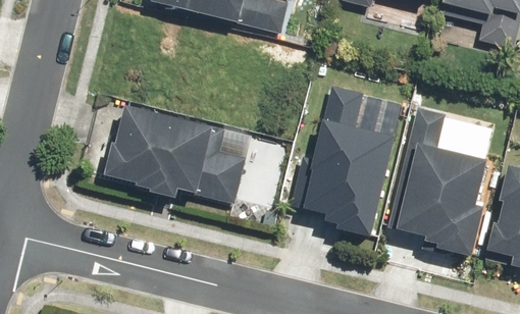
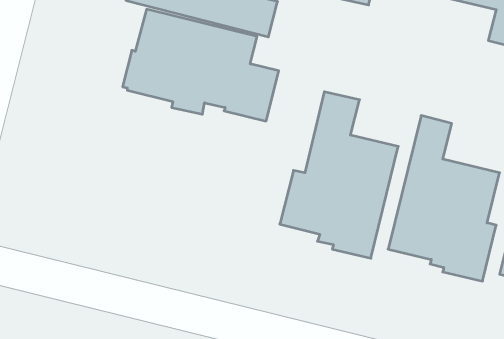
building: [106,103,246,203] -> [123,9,279,121]

